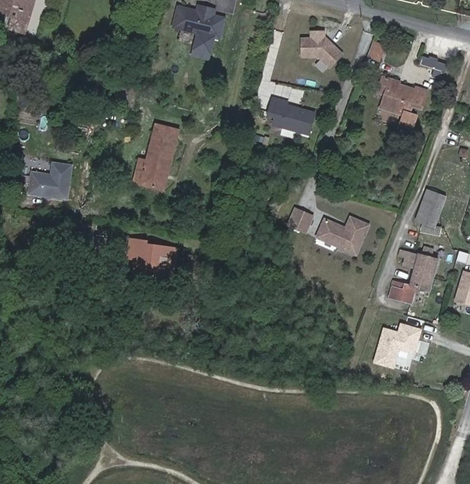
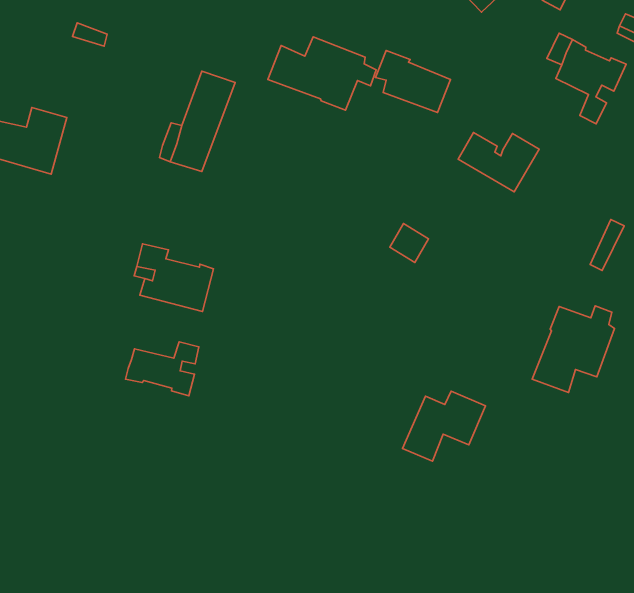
building: none -> [268,37,376,110]
building: [317,216,368,253] -> [458,133,539,192]
building: none -> [125,342,199,396]
building: [372,321,422,367] -> [403,391,486,461]

